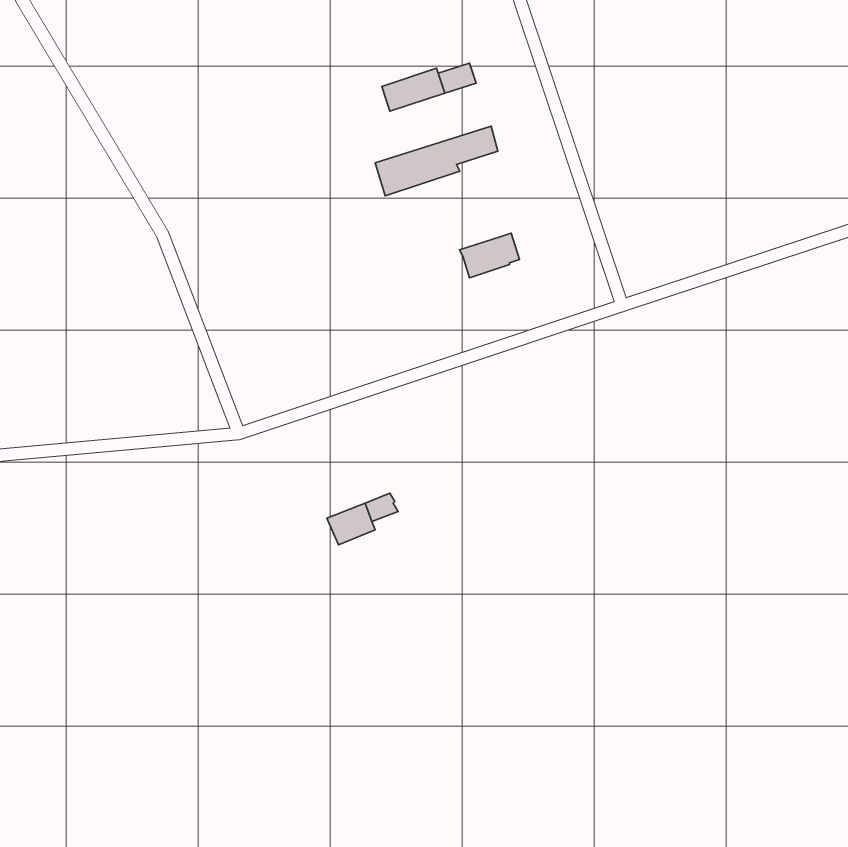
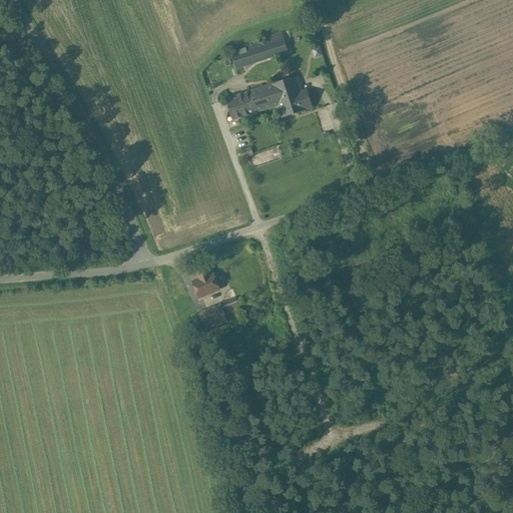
building: [460,233,519,278] -> [276,89,312,116]
building: none -> [192,269,219,297]

